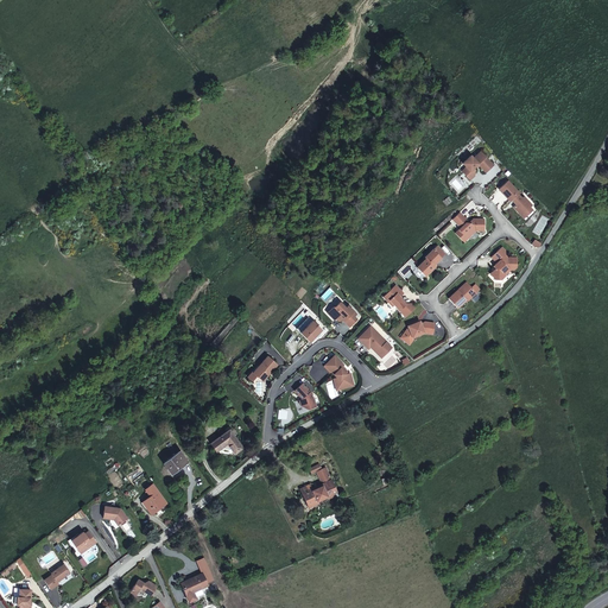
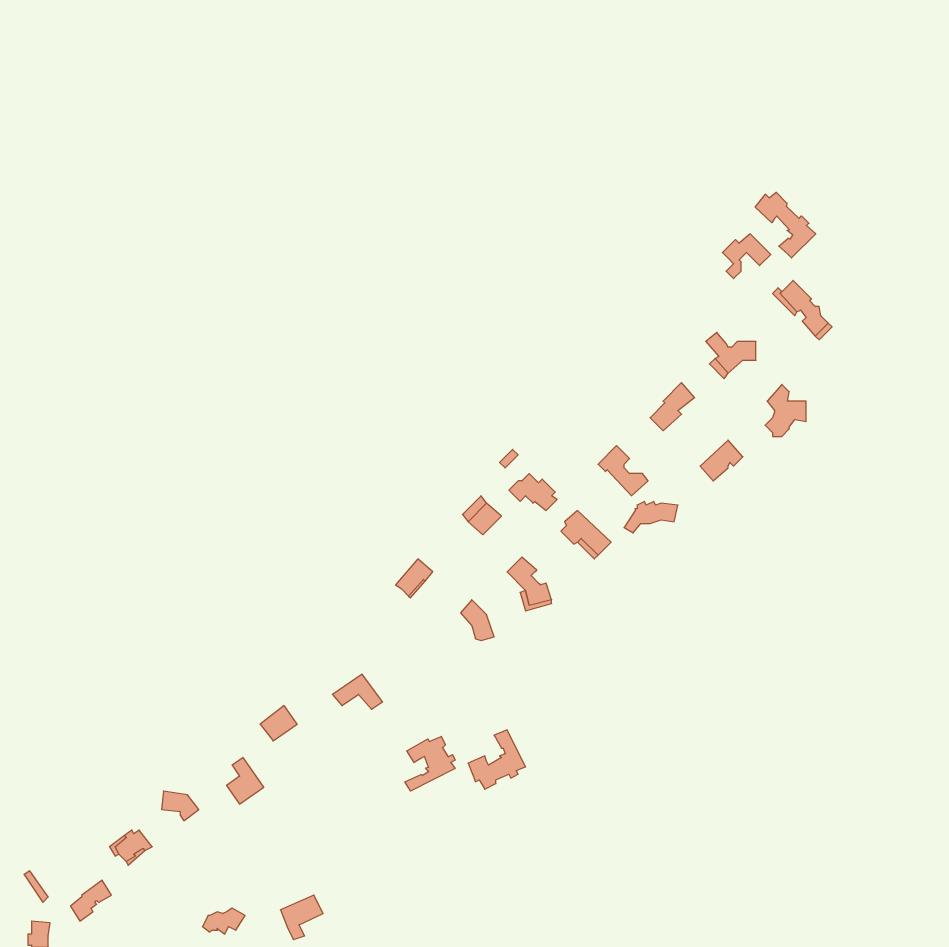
building: none -> [755,192,816,258]
building: none -> [405,736,455,791]

